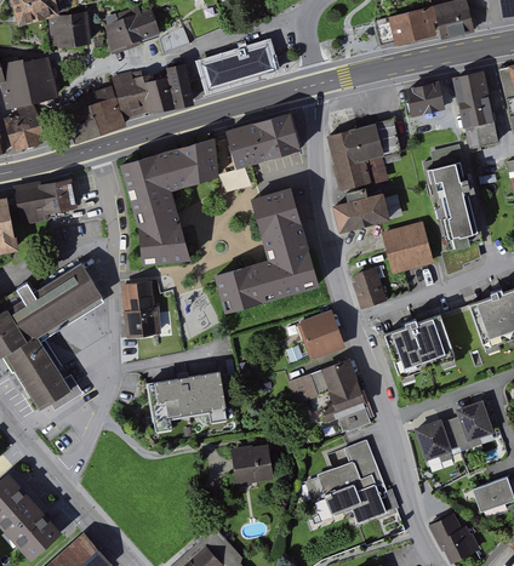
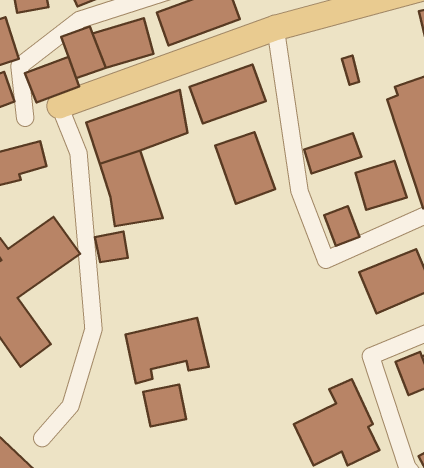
building: [406,82,449,118] -> none
building: [330,125,390,191] -> none
building: [210,245,314,310] -> none
building: [124,303,160,333] -> none
building: [295,310,342,356] -> none
building: [286,359,370,430] -> none
building: [228,442,269,482] -> [143,385,186,426]

